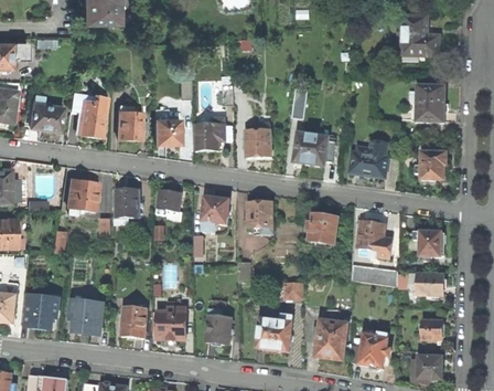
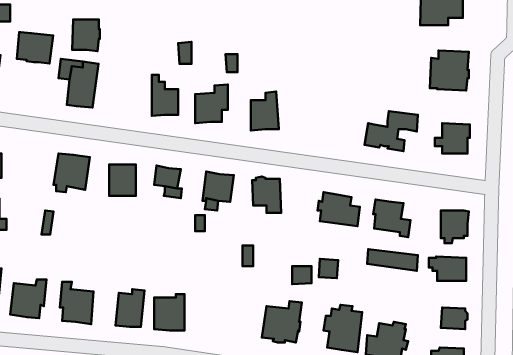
building: [31,103,64,131] -> [17,32,53,64]
building: [118,112,143,140] -> [72,20,100,51]
building: [293,133,336,166] -> none
building: [205,309,232,344] -> none

